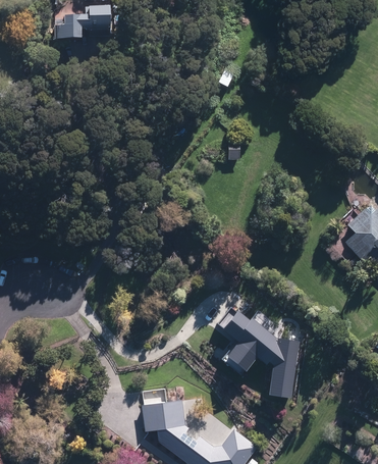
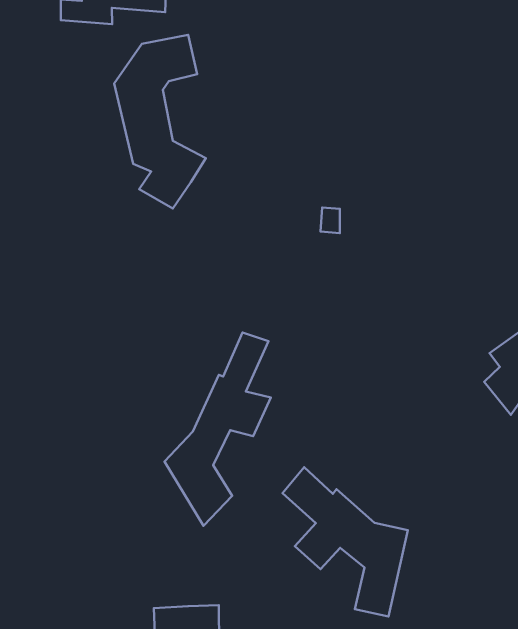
building: none -> [114,35,206,208]
building: none -> [164,332,271,526]

